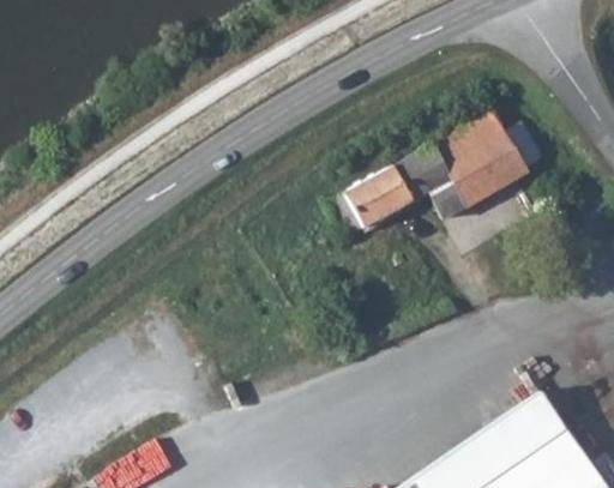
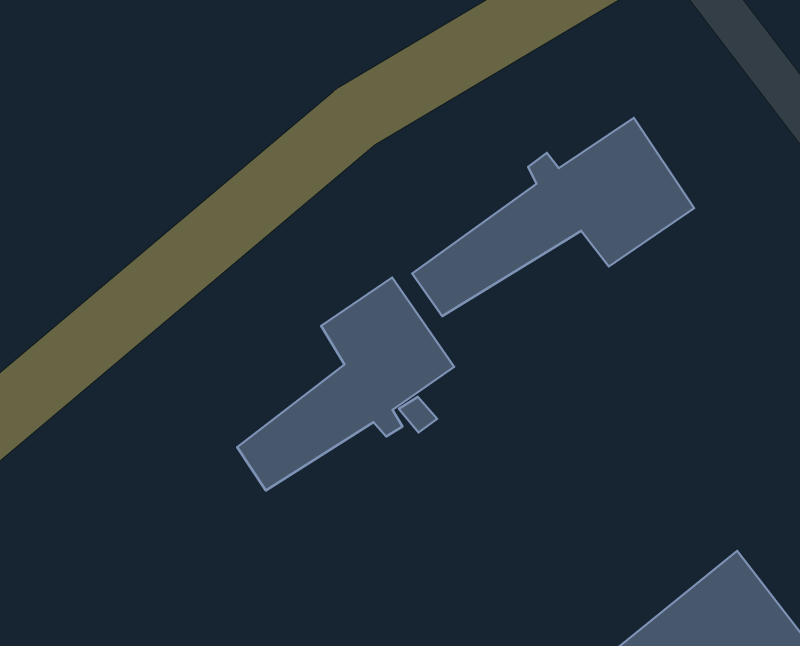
building: none -> [237,278,454,490]

